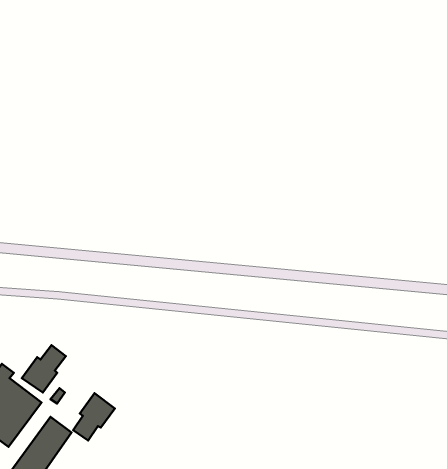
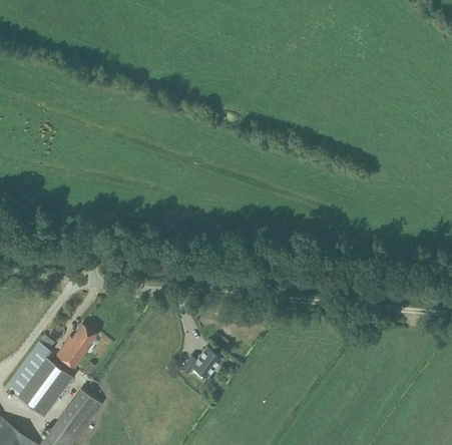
building: none -> [180,347,219,376]
building: [73,393,115,440] -> none

